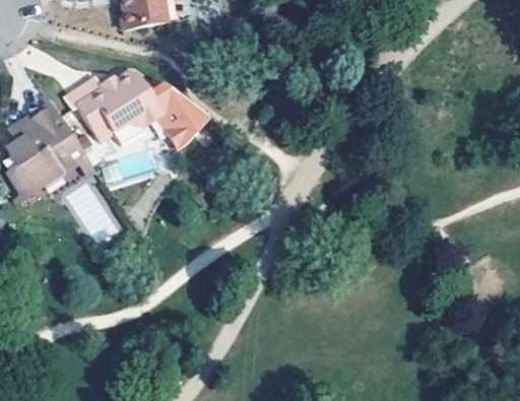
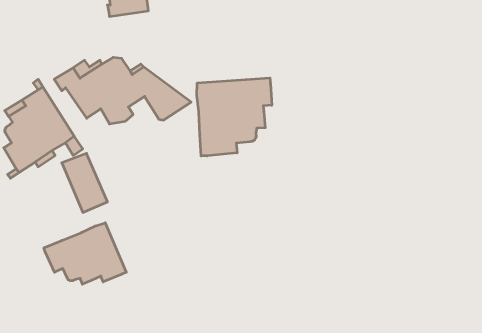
building: none -> [197,78,272,156]
building: none -> [44,223,126,284]

